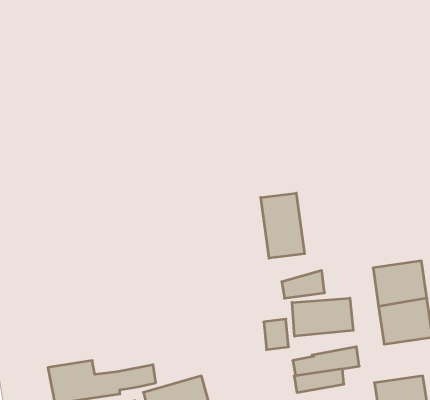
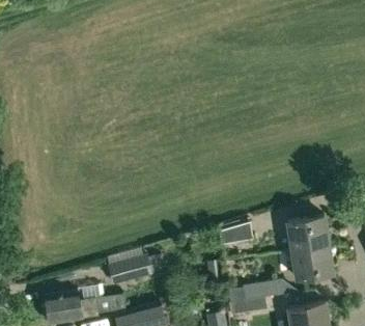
building: [261,193,305,258] -> none
building: [292,298,353,336] -> none
building: none -> [108,253,153,284]

